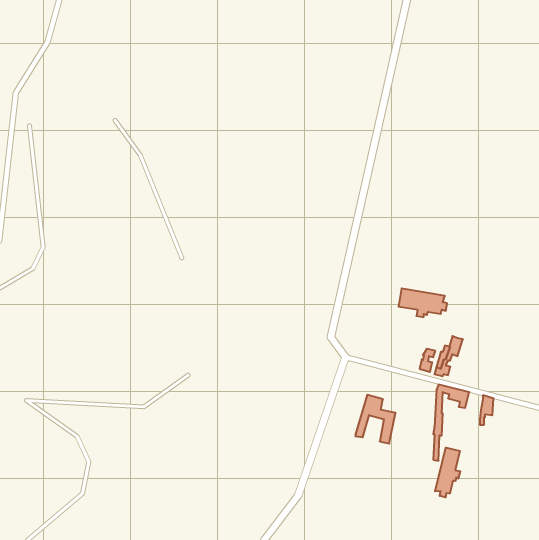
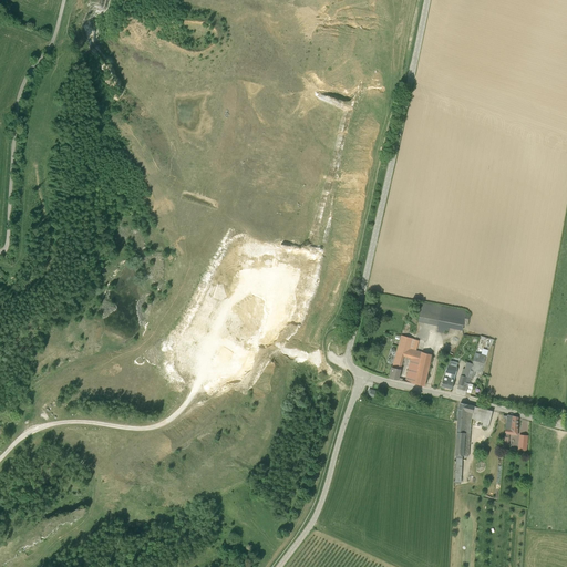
building: [355,395,396,444] -> [389,336,431,386]
building: [435,448,460,497] -> none

